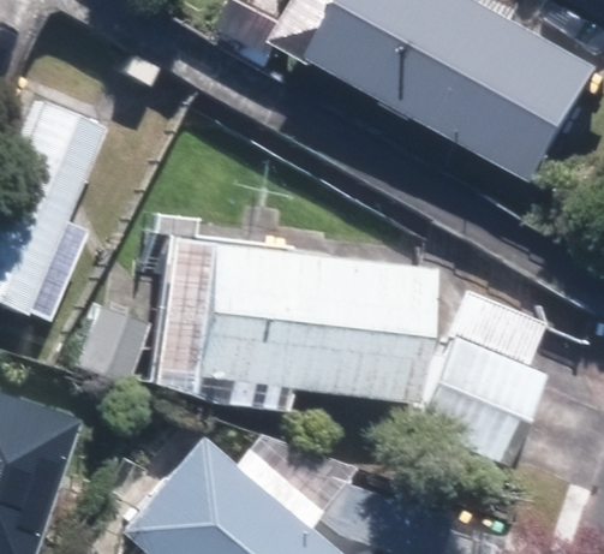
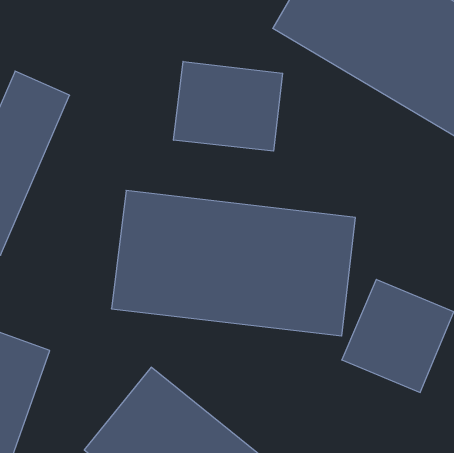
building: none -> [174,61,283,151]

